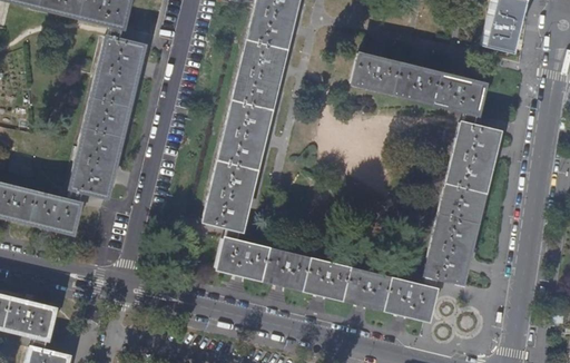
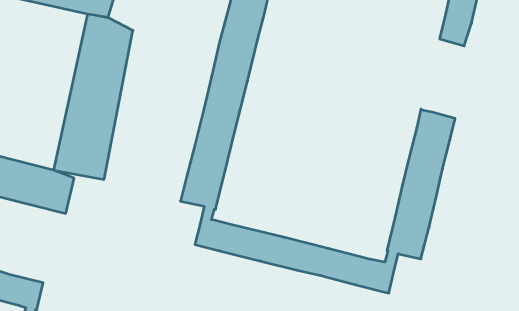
building: [353,55,485,126] -> none

